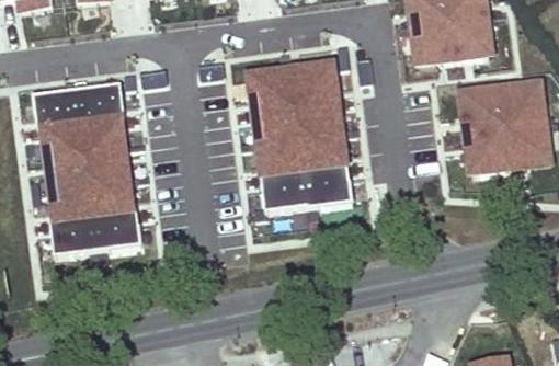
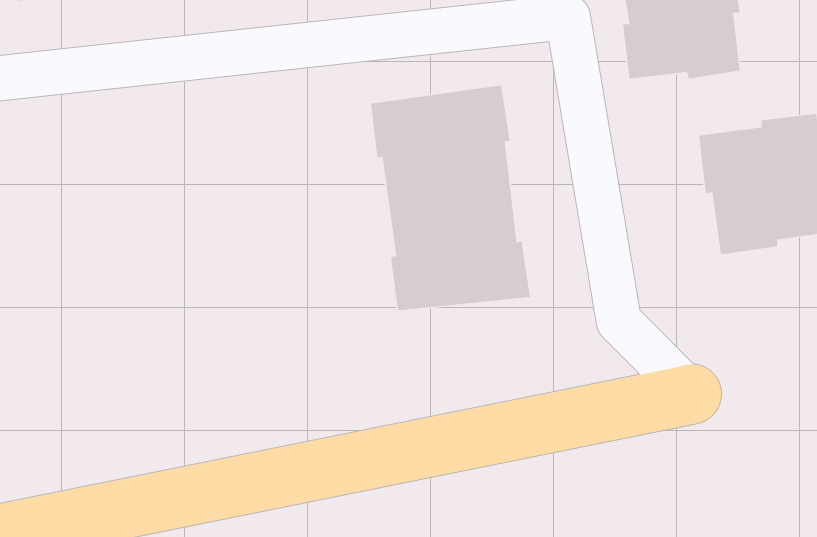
building: [35,84,141,256] -> none

